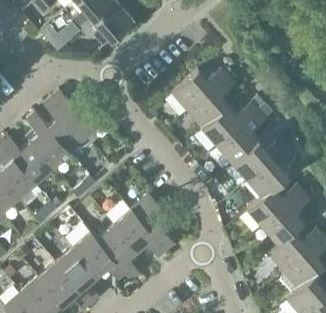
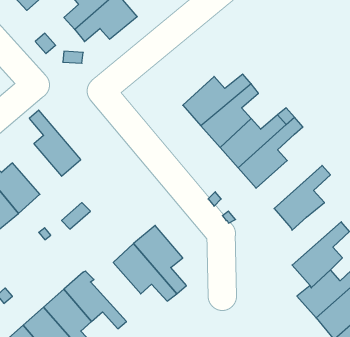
building: [51,92,104,146] -> none
building: [25,113,70,169] -> none
building: [232,137,287,181] -> none
building: [246,184,303,228] -> none
building: [94,226,139,282] -> none

